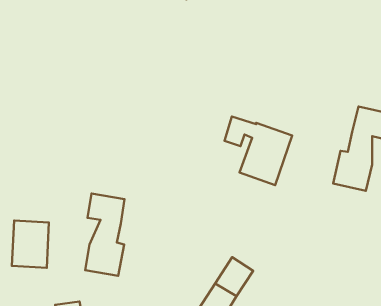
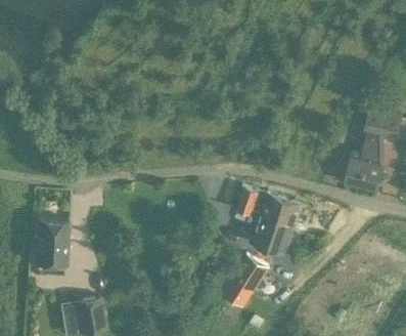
building: [225,117,292,185] -> [235,187,301,254]
building: [85,193,125,276] -> none

